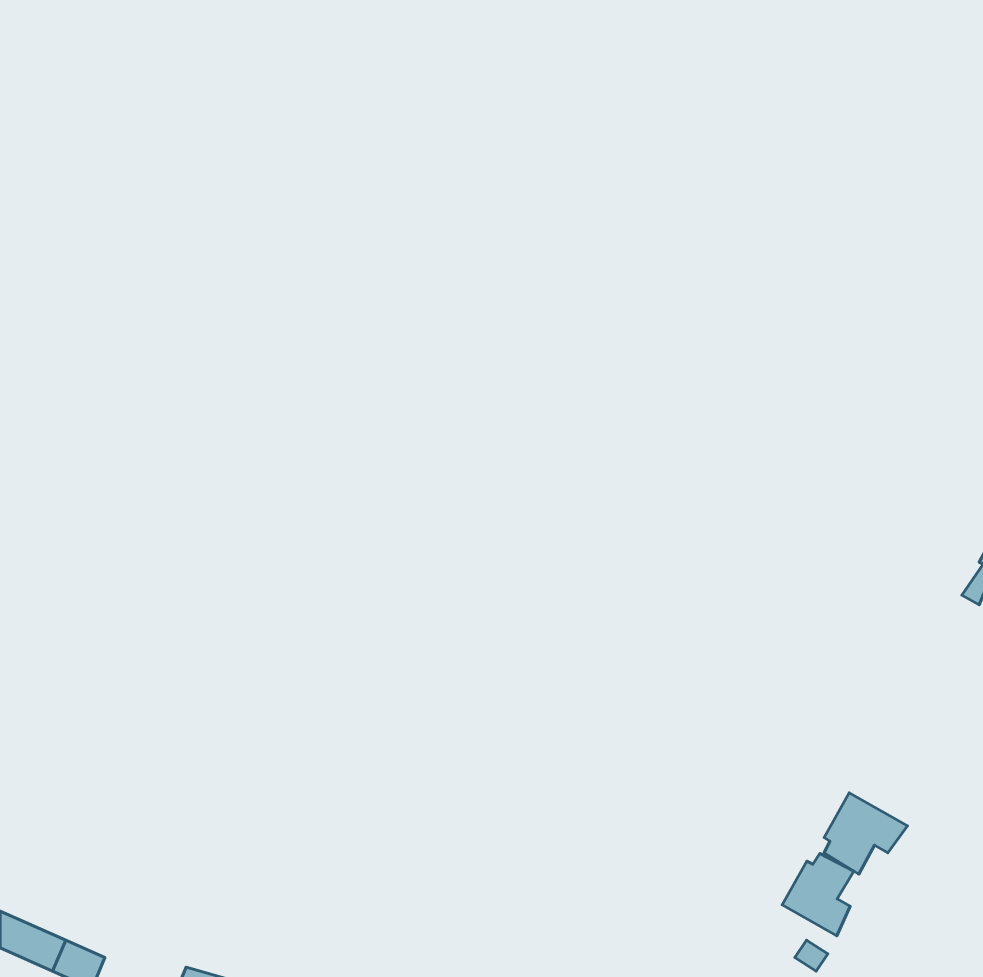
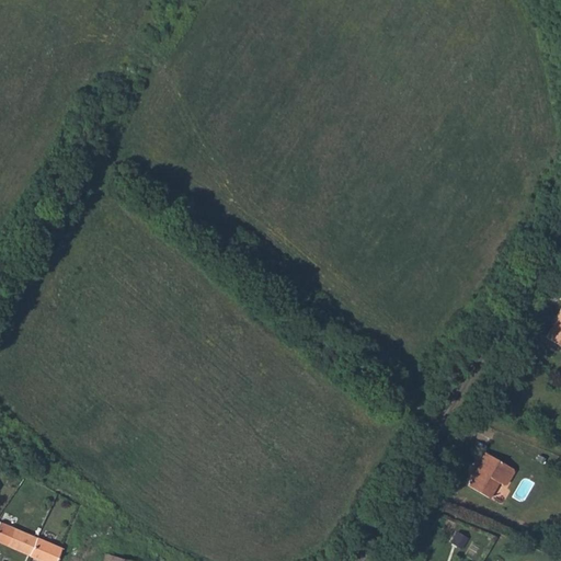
building: [782,853,854,936] -> none

